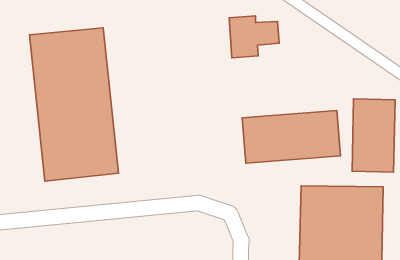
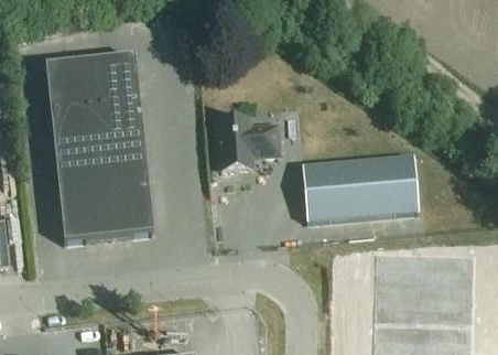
building: [229,16,279,58] -> [220,121,281,172]
building: [352,99,395,172] -> none

